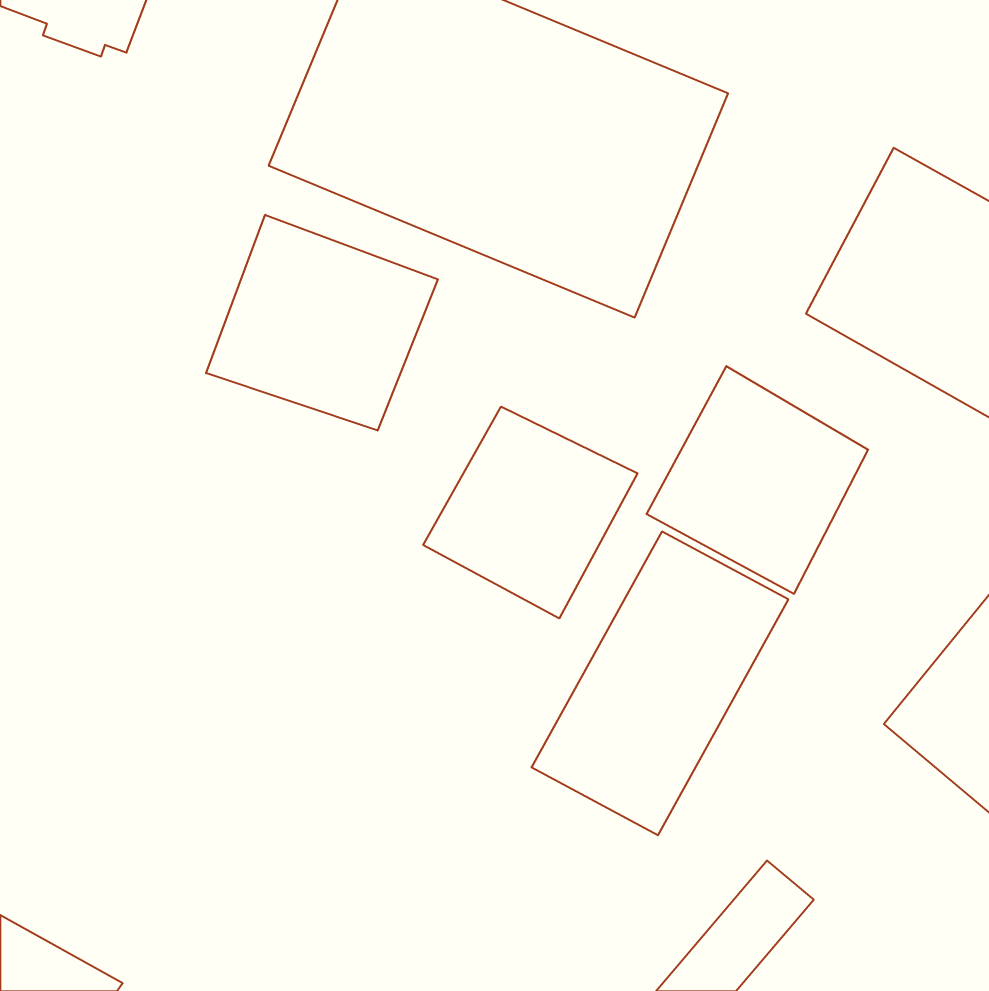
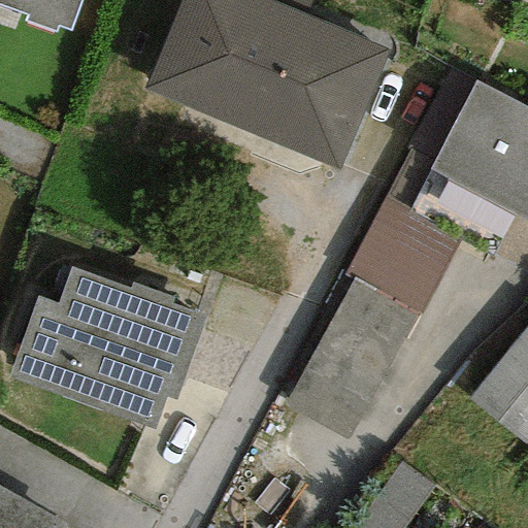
building: [206,215,438,431] -> none
building: [423,407,637,618] -> none
building: none -> [9,264,208,429]

